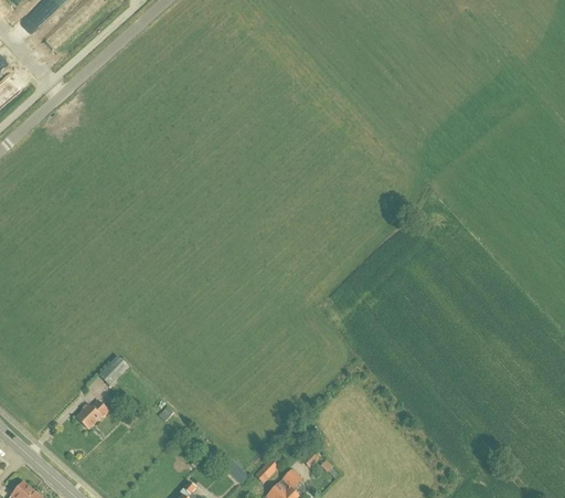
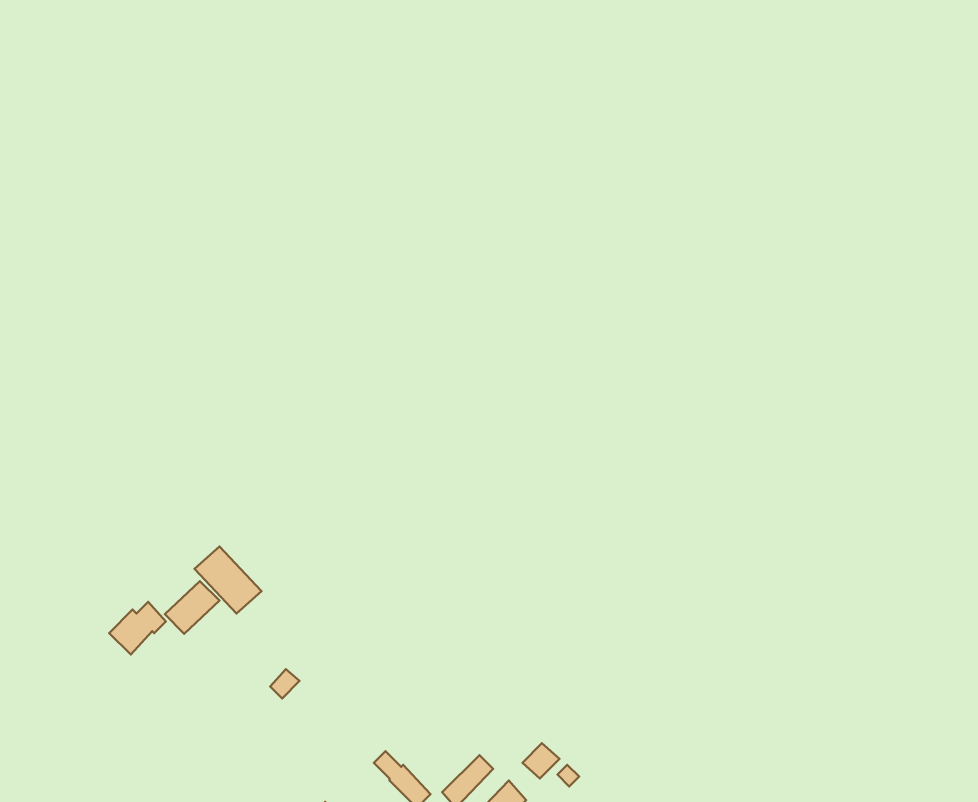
building: none -> [194,546,262,613]
building: [76,401,108,431] -> [109,602,166,655]

